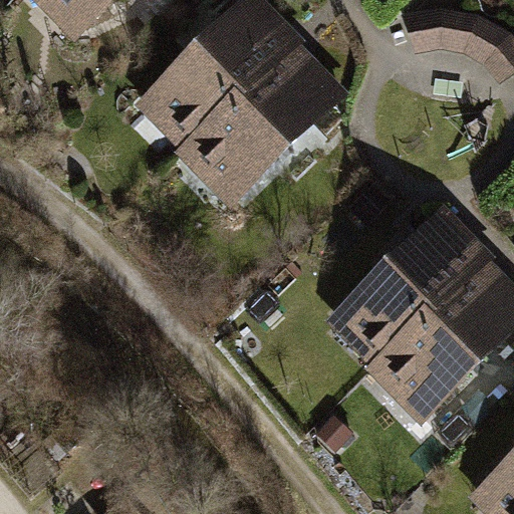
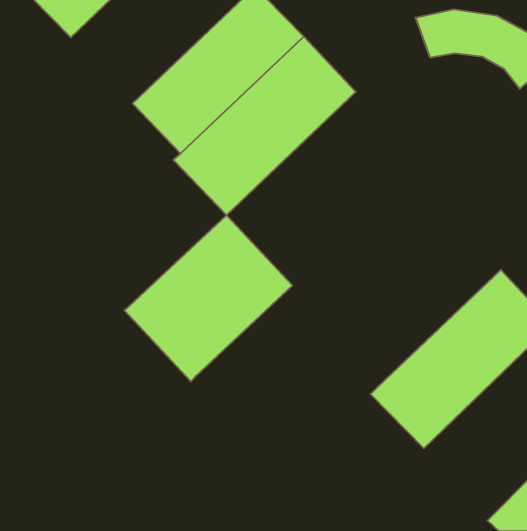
building: none -> [124,215,292,382]
building: [323,211,488,371] -> none

